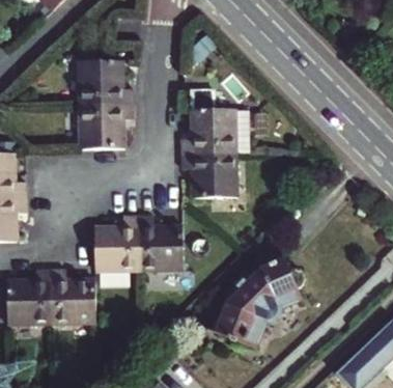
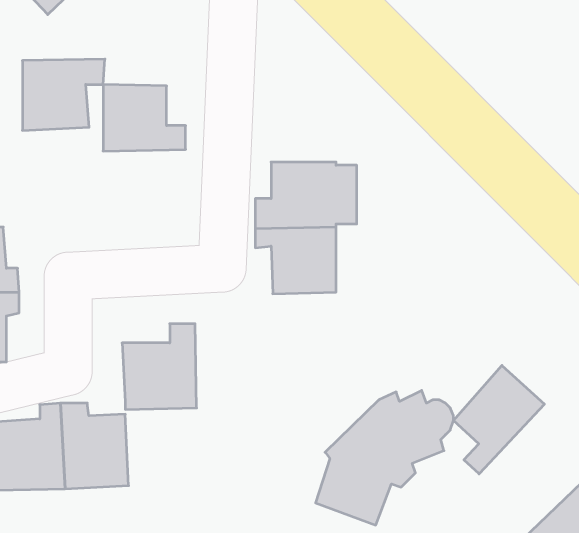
building: [79,102,133,148] -> [22,59,105,130]
building: [139,216,187,271] -> none
building: none -> [453,365,544,474]

